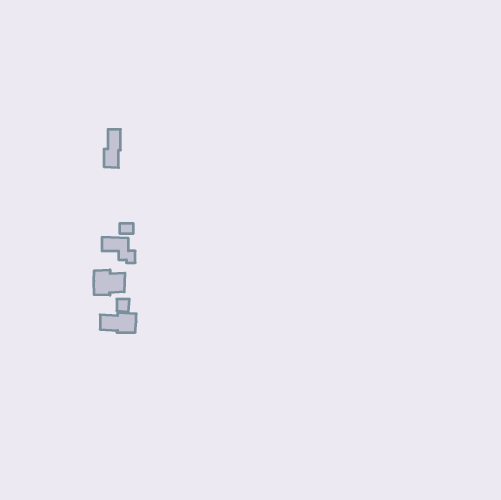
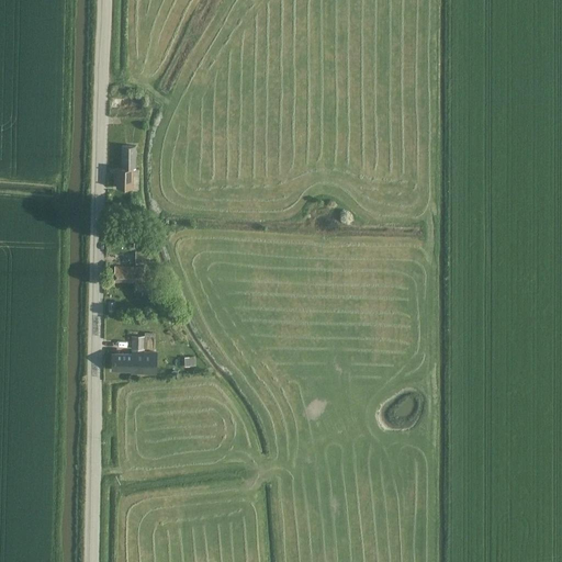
building: [94,270,125,295] -> none

